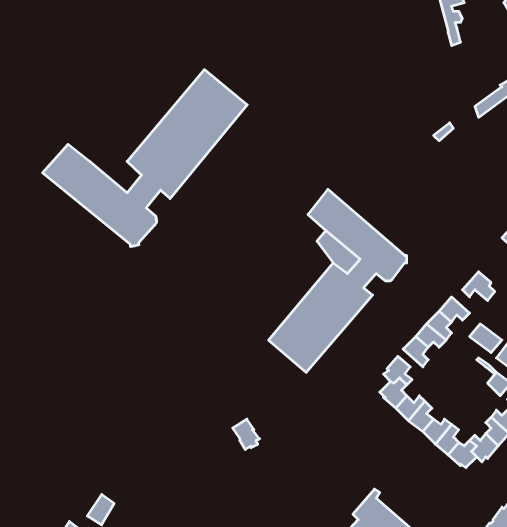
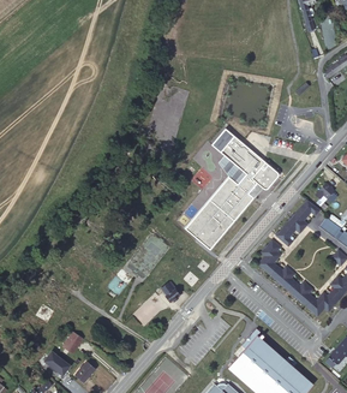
building: [43,70,247,247] -> none

